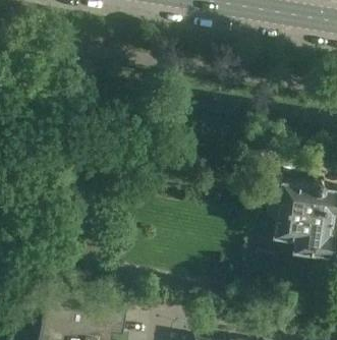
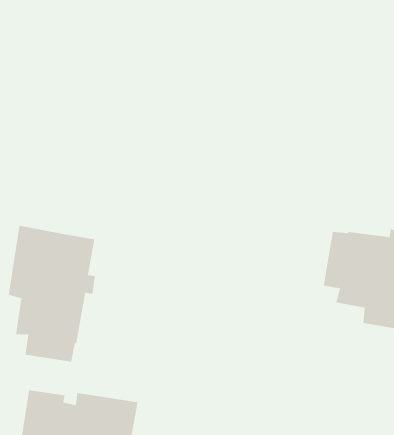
building: none -> [8,225,96,362]

